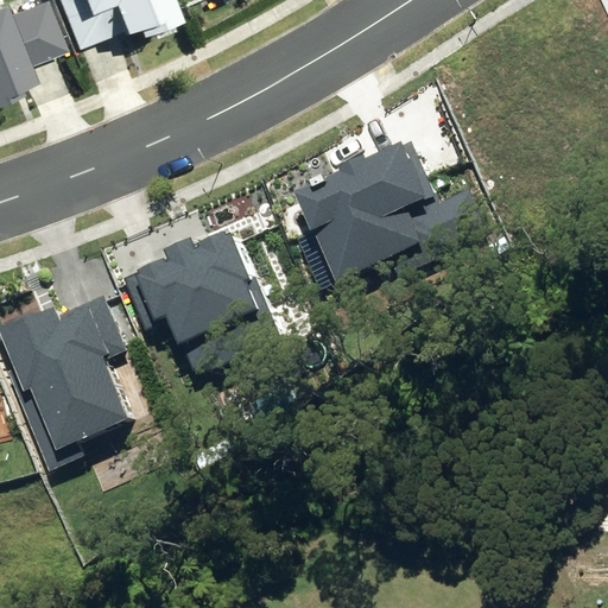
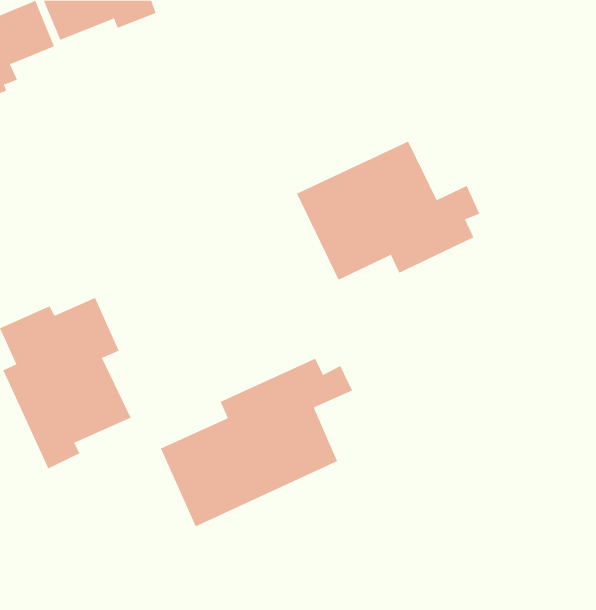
building: [120,228,267,368] -> none
building: none -> [160,358,353,527]

